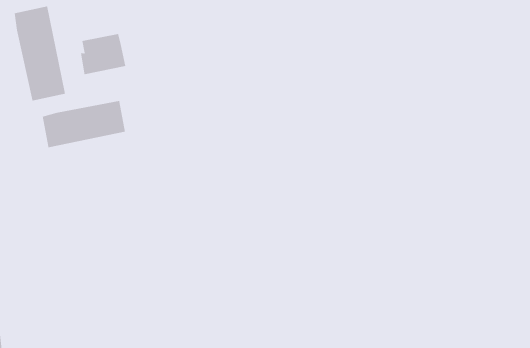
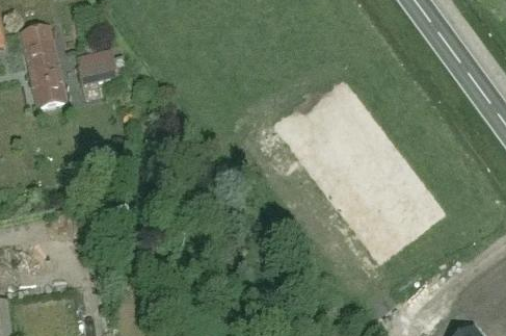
building: [42,100,126,148] -> none

